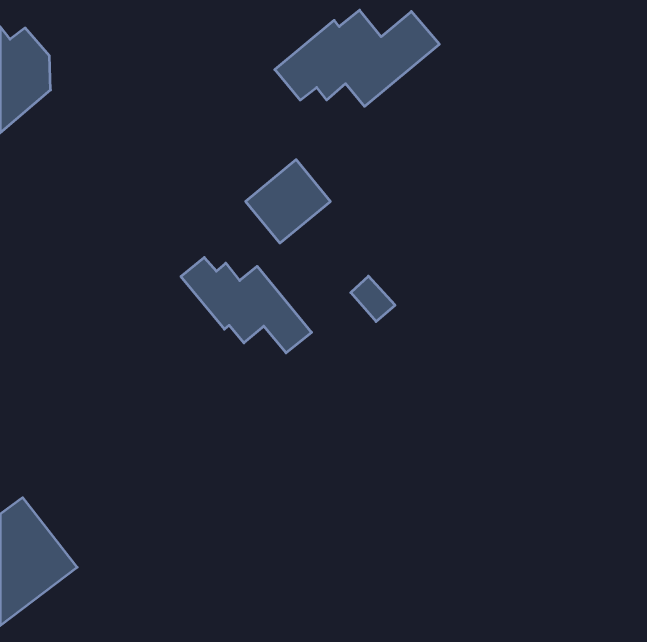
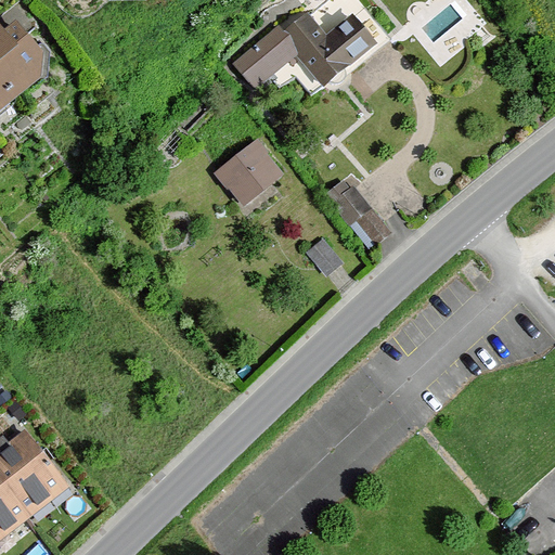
building: none -> [321,172,390,250]
building: [181,257,312,353] -> none

